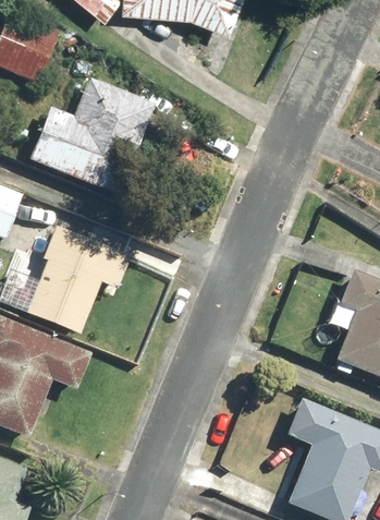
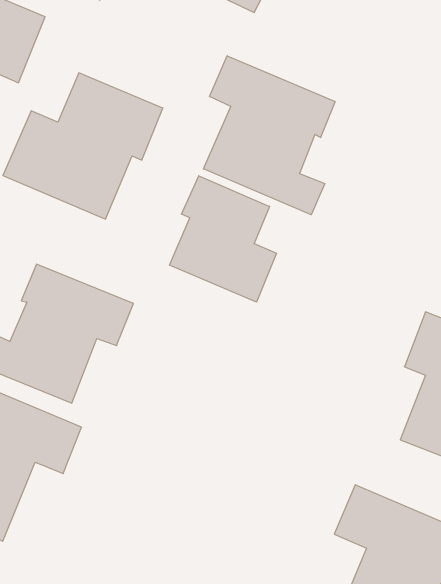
building: none -> [203,56,335,215]
building: none -> [170,176,277,302]

